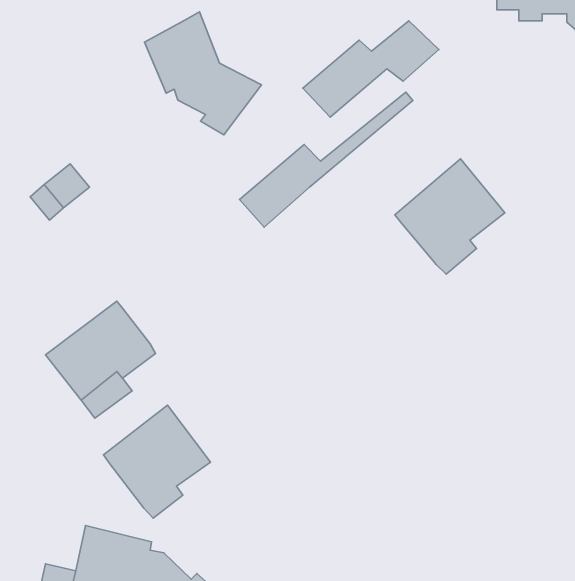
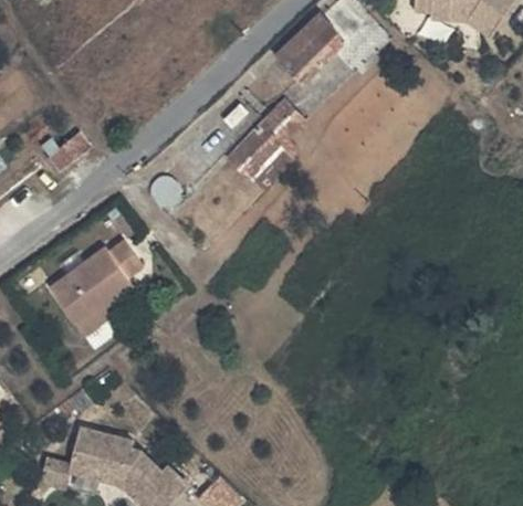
building: [145,12,262,135] -> none
building: [395,159,505,274] -> none
building: [103,405,211,518] -> none

